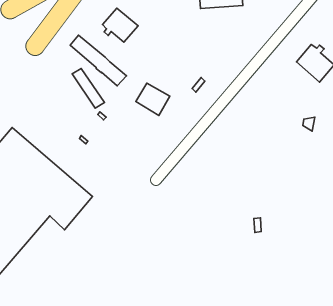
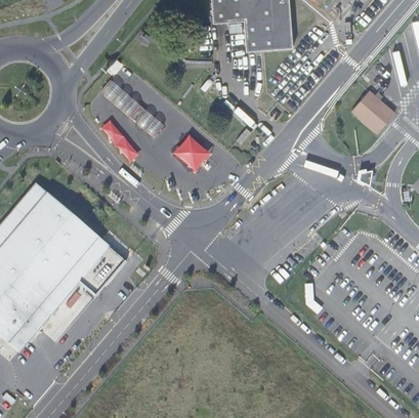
building: [102,8,138,42] -> none

